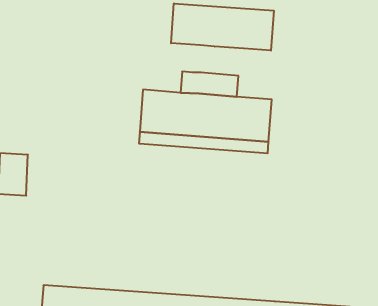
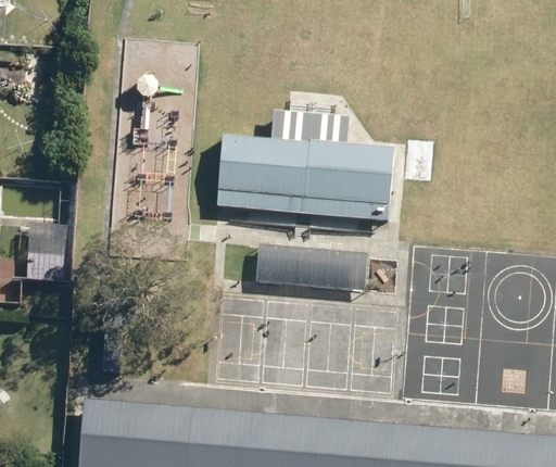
building: [171,3,274,51] -> none
building: none -> [256,245,365,290]

